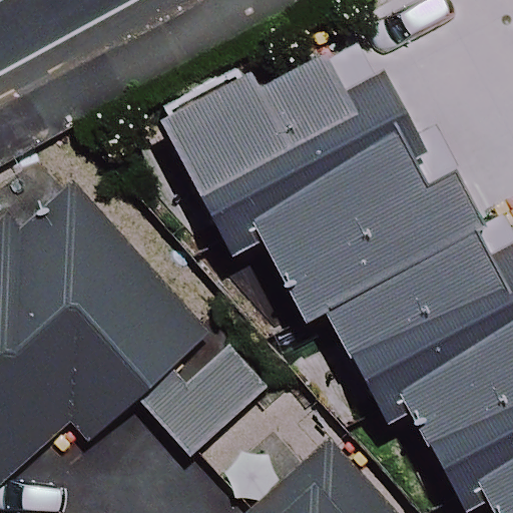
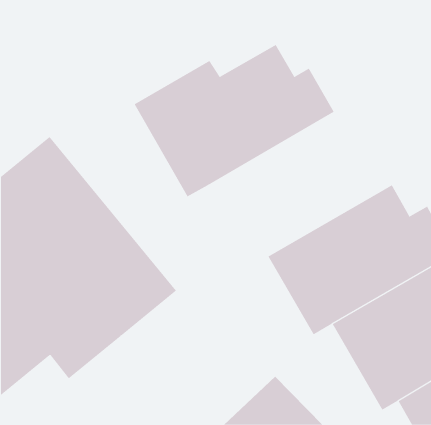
building: [248,132,475,313] -> none

